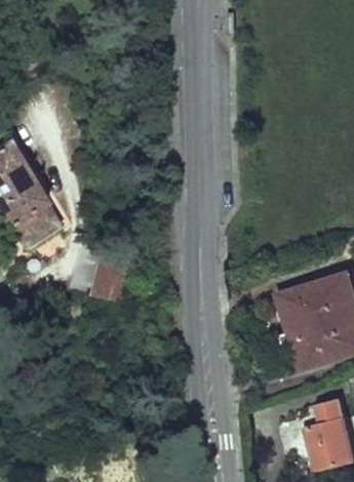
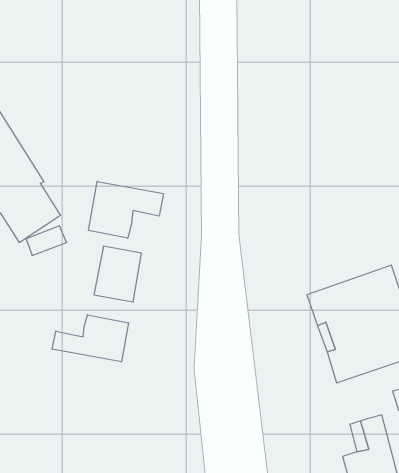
building: none -> [89,181,163,238]
building: none -> [52,315,128,362]

